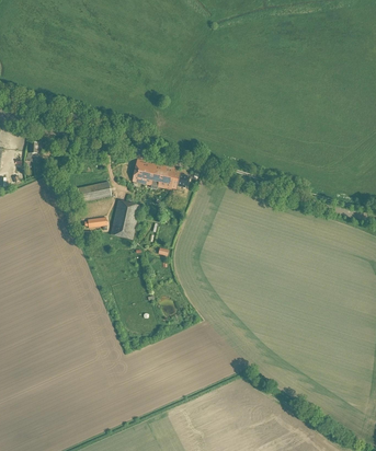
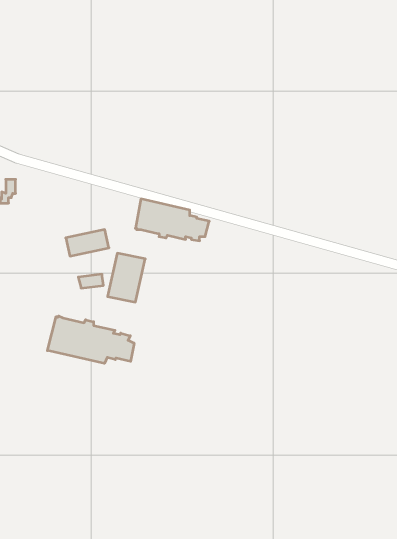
building: none -> [47,316,134,363]

